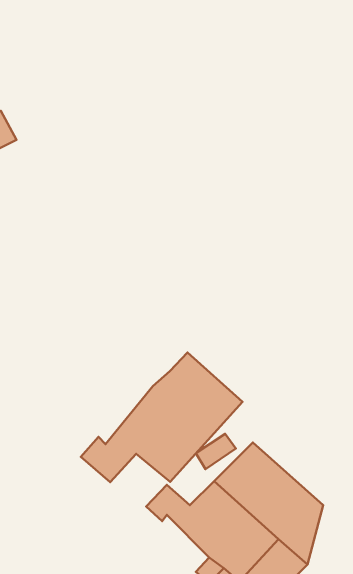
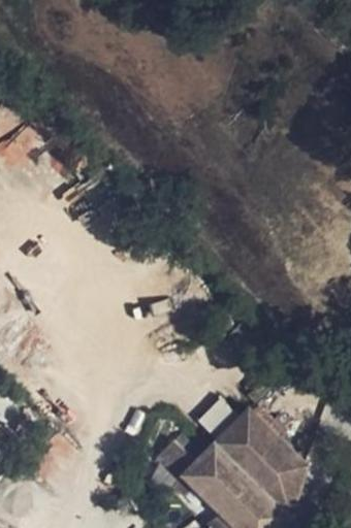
building: [81,353,243,482] -> none

